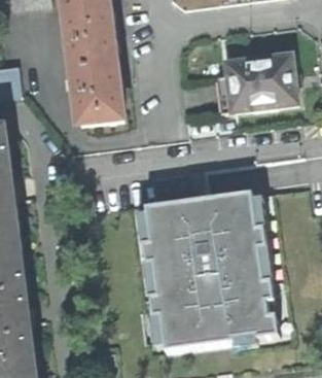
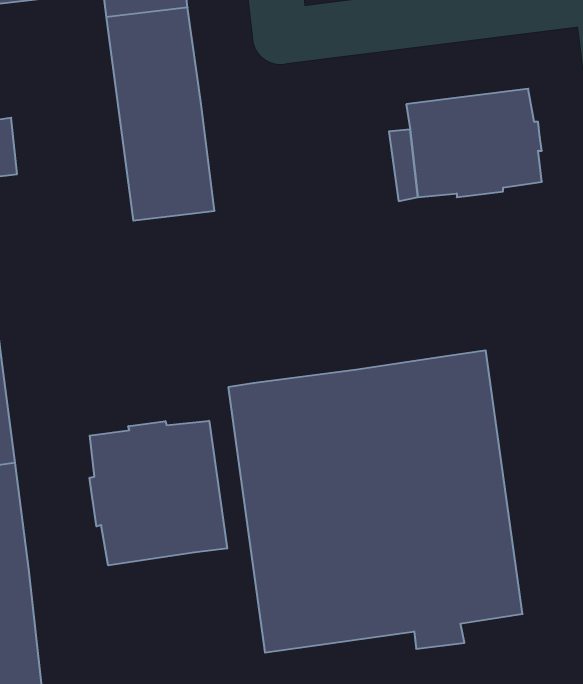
building: none -> [90,421,227,565]

